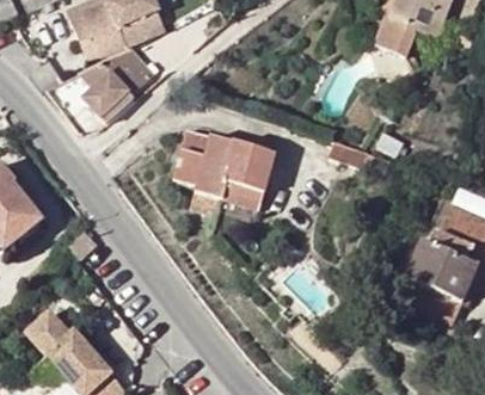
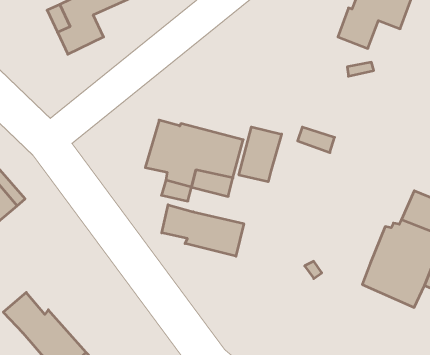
building: [82,64,133,115] -> none
building: none -> [239,127,282,182]
building: none -> [162,205,244,256]

